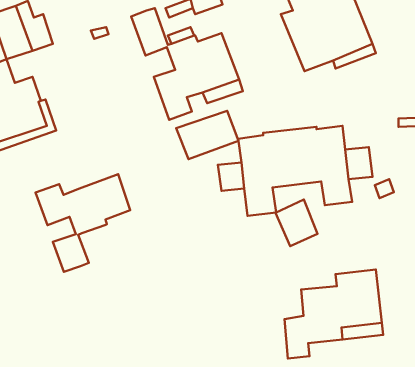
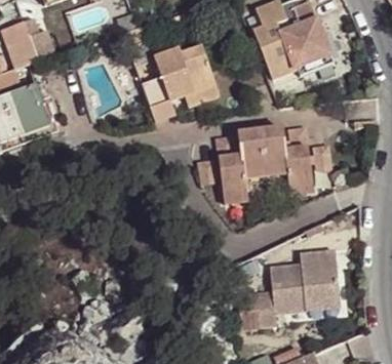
building: [176,111,238,159] -> none
building: [35,174,130,272] -> none
building: [275,200,318,246] -> none

